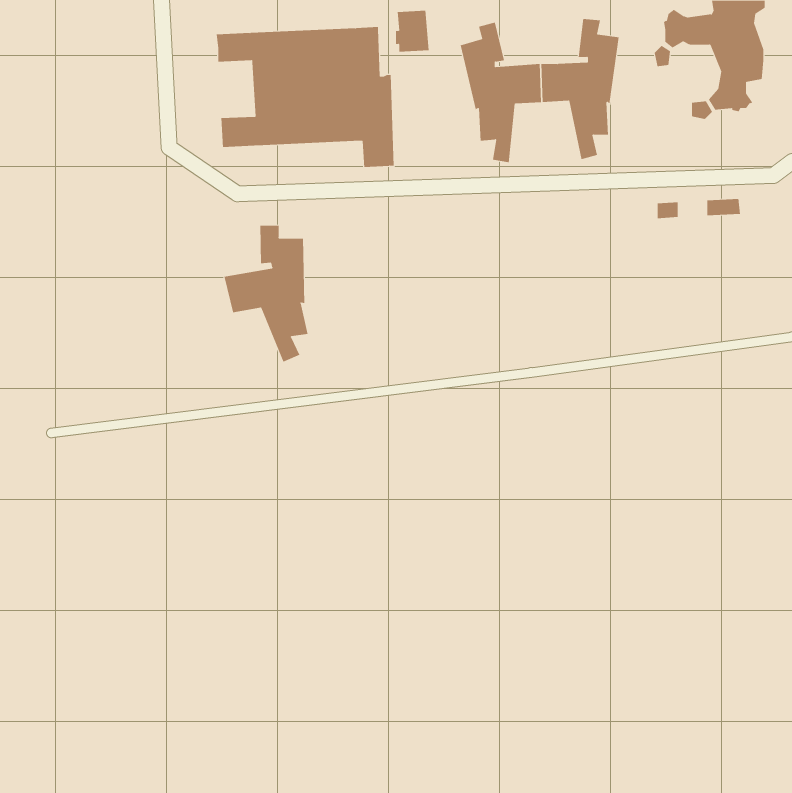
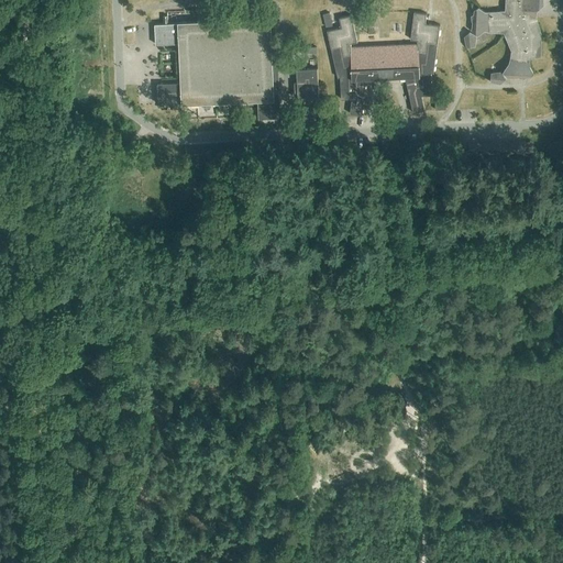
building: [395,10,429,52] -> [294,68,318,98]
building: [224,225,308,362] -> none

